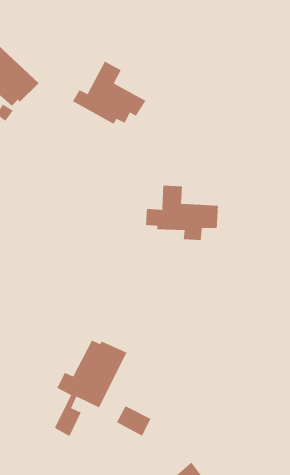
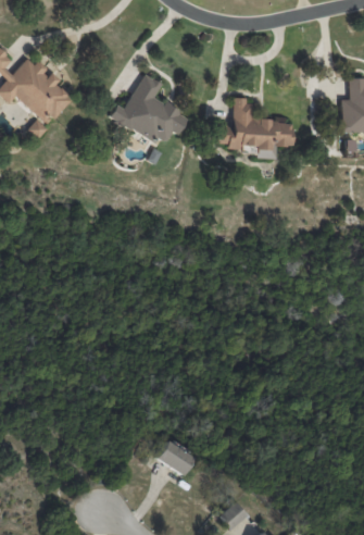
building: [145,185,219,241] -> [215,99,293,159]
building: [54,340,128,437] -> none

